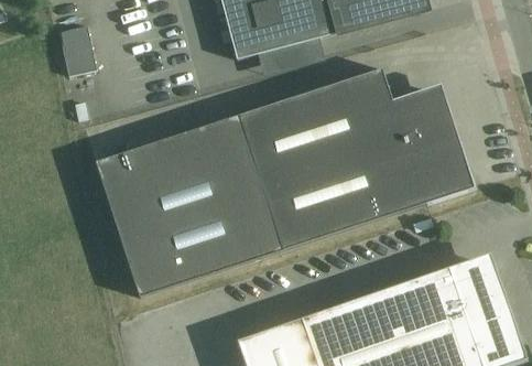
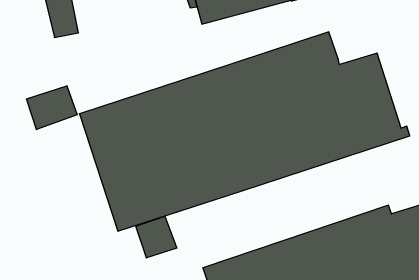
building: none -> [26,86,77,130]
building: none -> [136,216,177,258]

